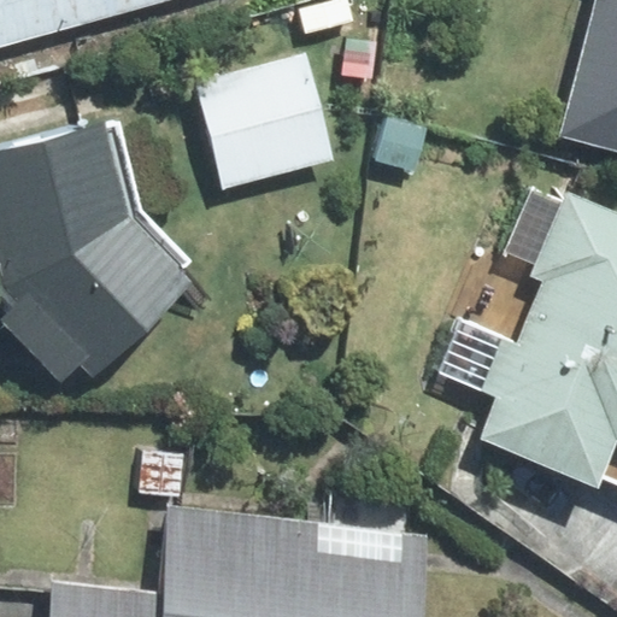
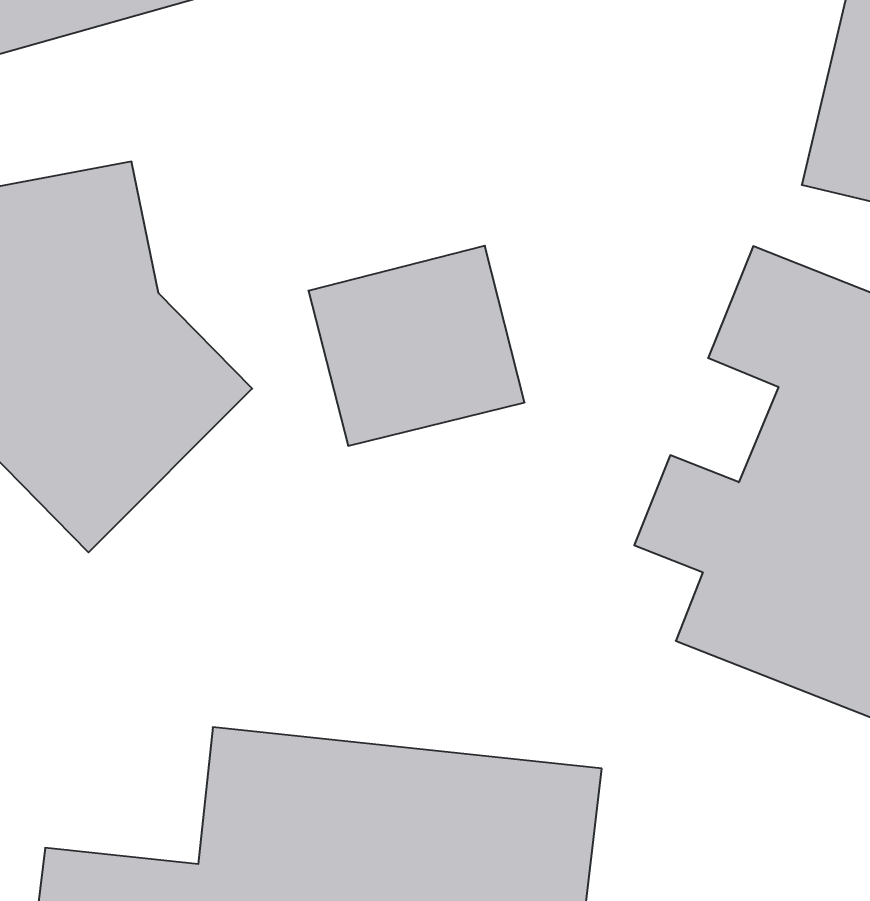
building: [194,59,339,193] -> [308,246,525,446]

